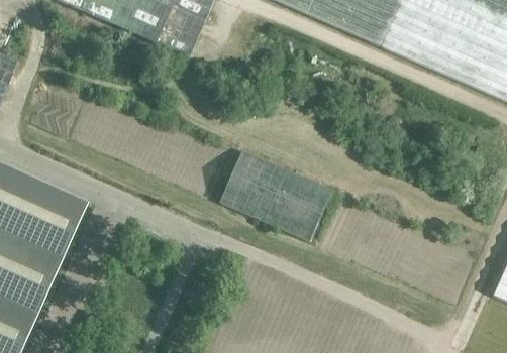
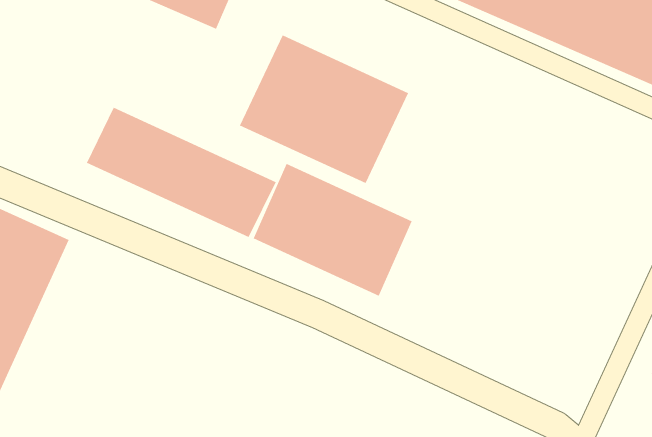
building: none -> [239,35,409,184]
building: none -> [86,107,276,238]

